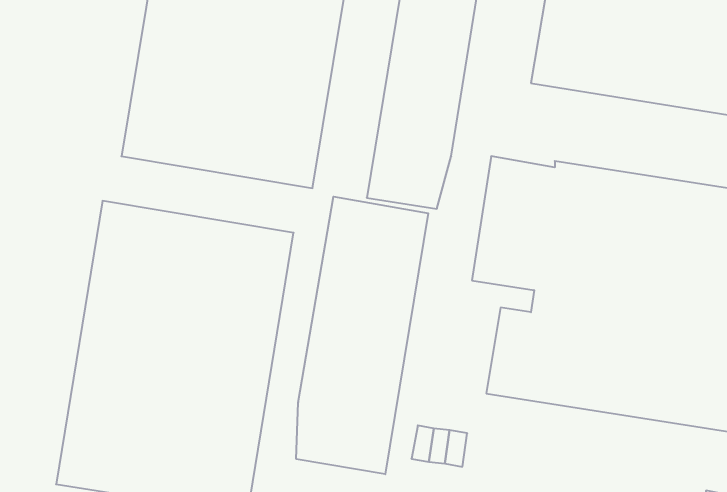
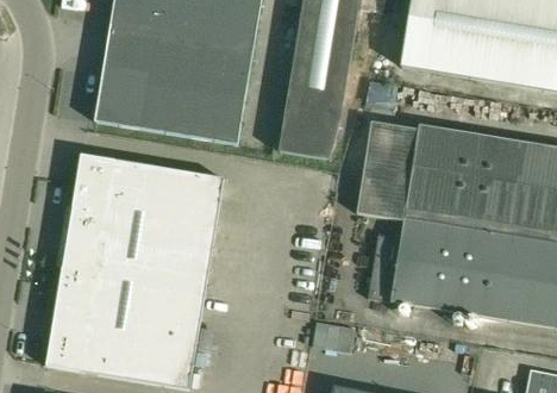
building: [296,197,428,474] -> none

